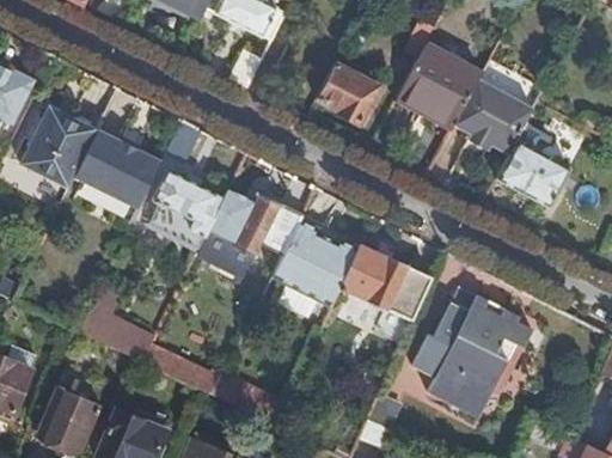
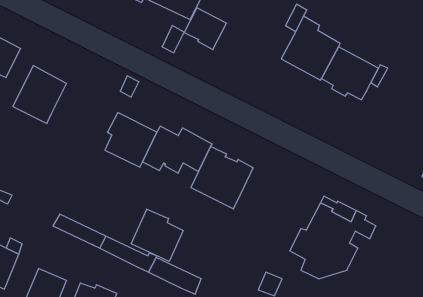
building: [318,65,378,123] -> [184,8,227,50]
building: [76,130,163,207] -> none
building: [497,141,570,208] -> none
building: [342,245,432,322] -> none
building: none -> [131,209,183,261]

